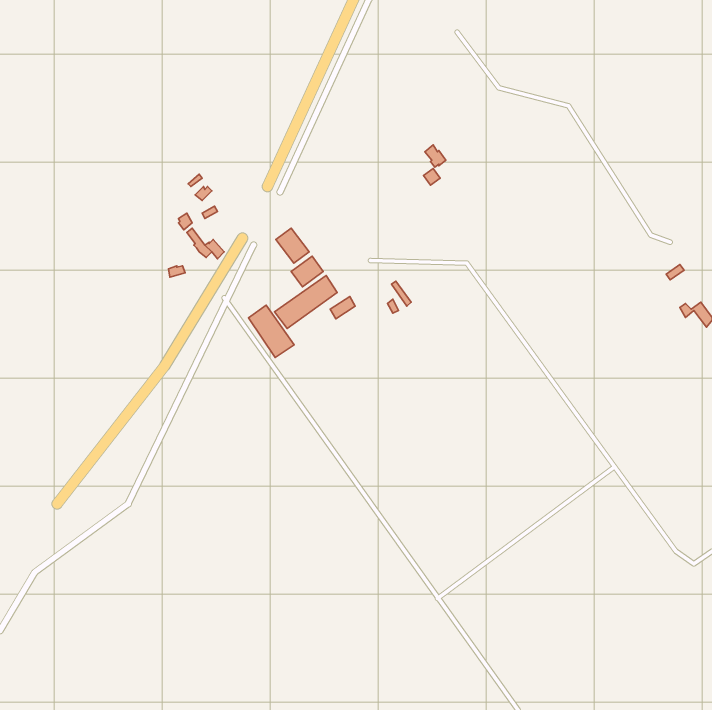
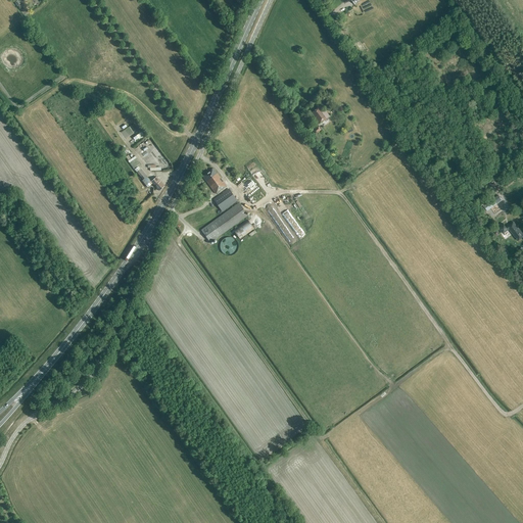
building: [249,305,294,357] -> none

